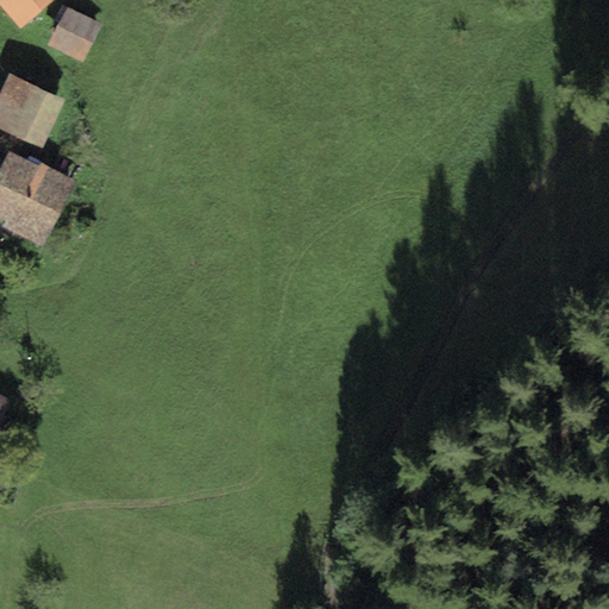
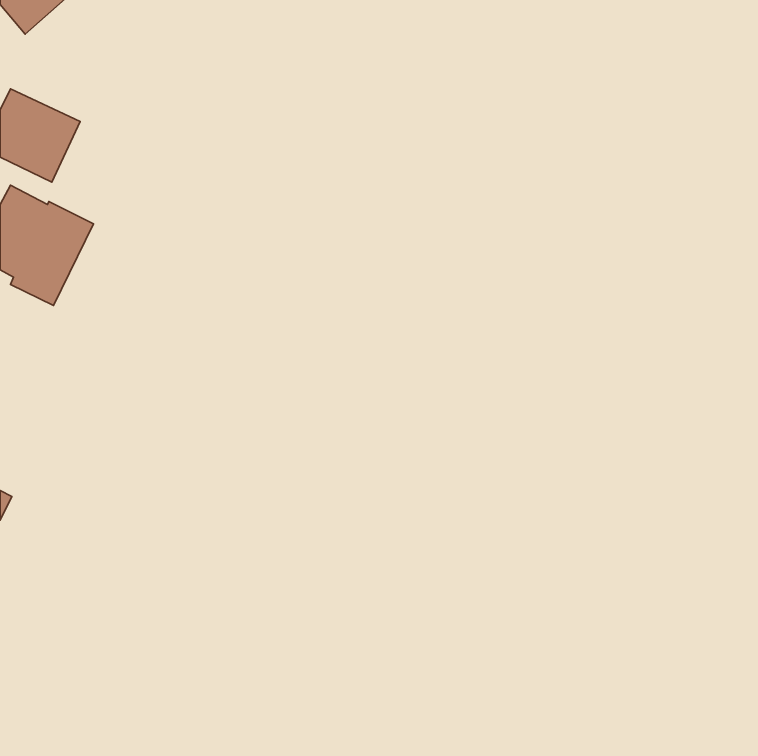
building: [48,6,101,61] -> none

